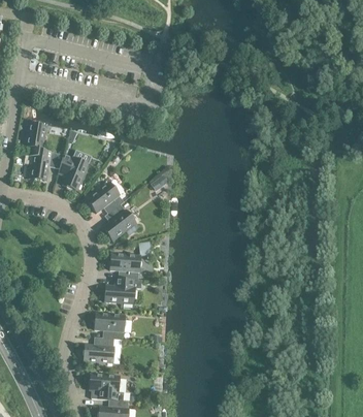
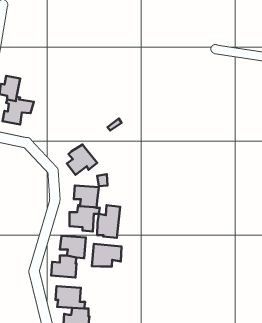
building: [58,154,88,190] -> none
building: [87,182,124,213] -> none
building: none -> [97,205,120,238]
building: none -> [92,244,122,267]

